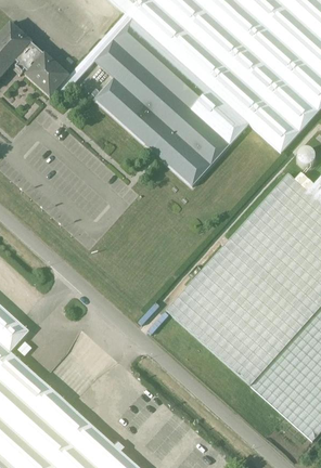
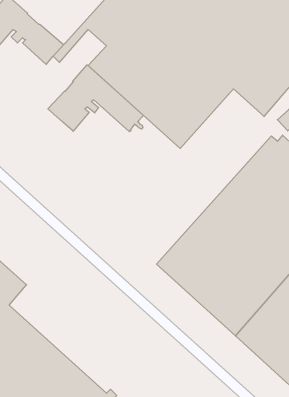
building: none -> [48,65,143,132]

